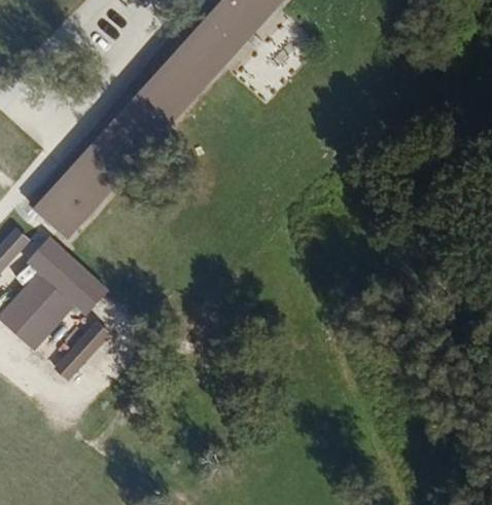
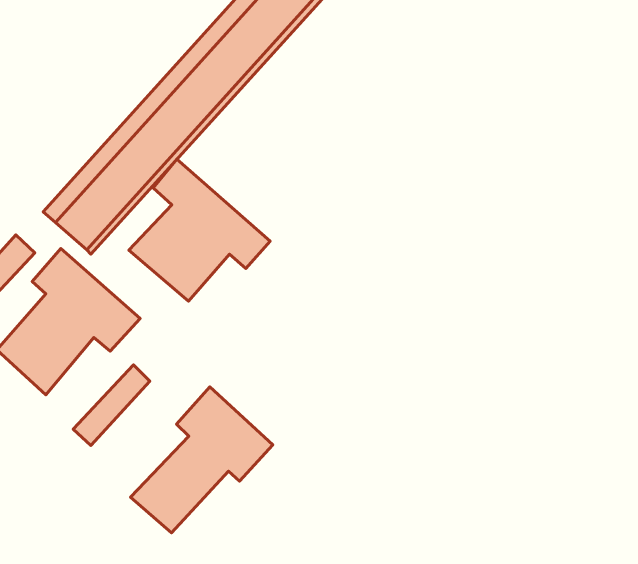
building: none -> [129,159,270,301]
building: none -> [130,387,273,533]

